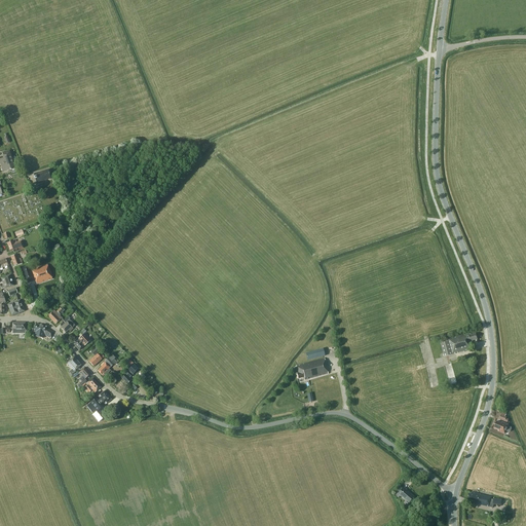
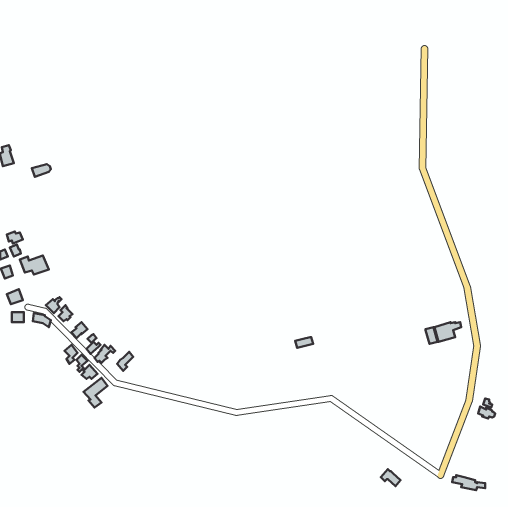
building: [296,358,328,379] -> none

